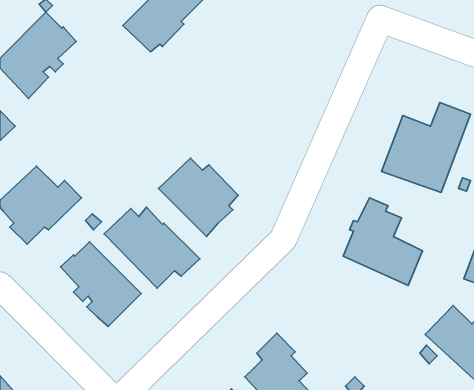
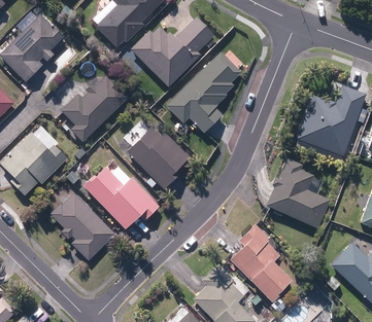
building: none -> [132,17,217,86]
building: none -> [167,52,241,132]
building: none -> [60,75,127,142]
building: none -> [228,224,289,301]

